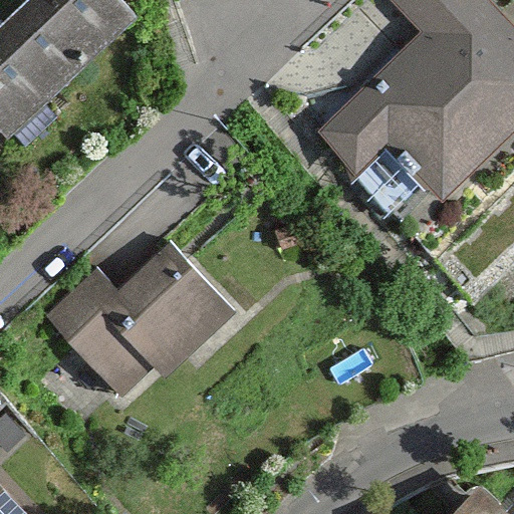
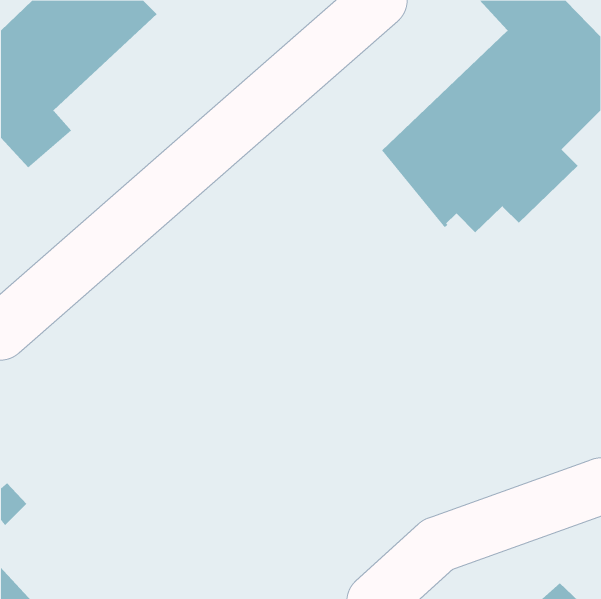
building: [46,241,224,395] -> none

